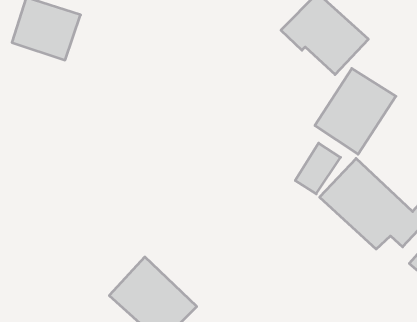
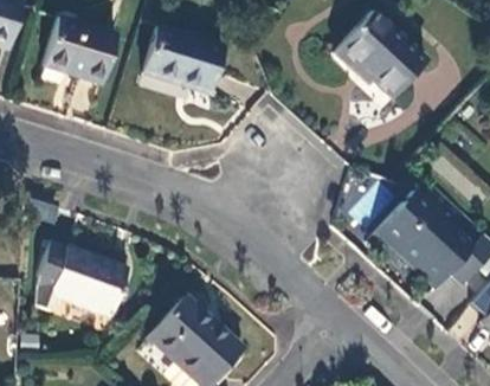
building: none -> [143,25,225,92]
building: [315,68,396,154] -> none
building: none -> [40,239,129,315]

